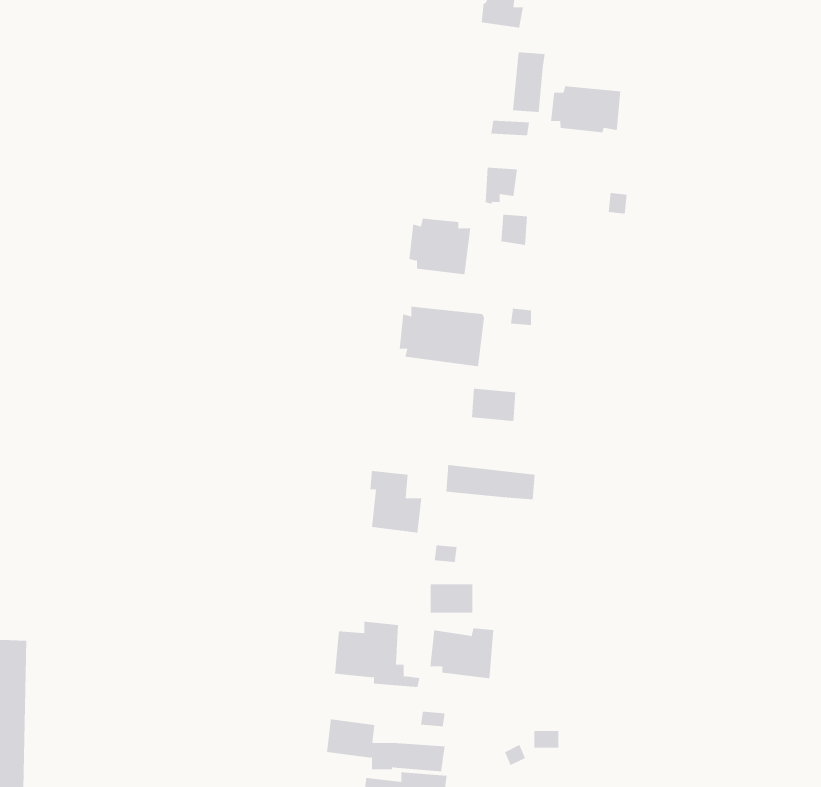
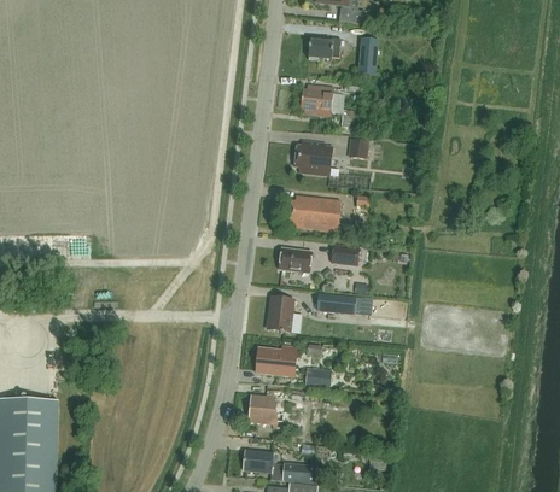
building: none -> [308,37,340,59]
building: [551,85,621,133] -> none
building: none -> [299,83,333,116]
building: none -> [279,247,311,273]
building: [430,628,494,679] -> [256,345,296,376]

